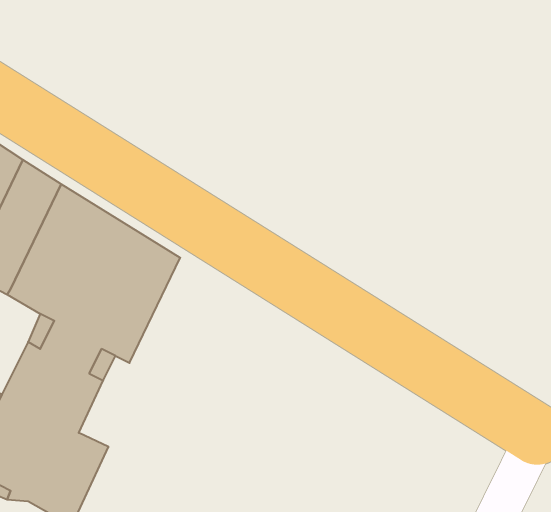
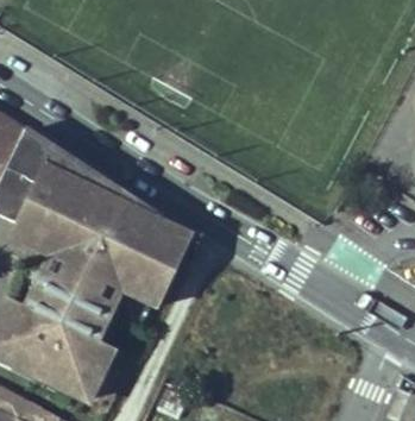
building: none -> [124,215,193,306]

